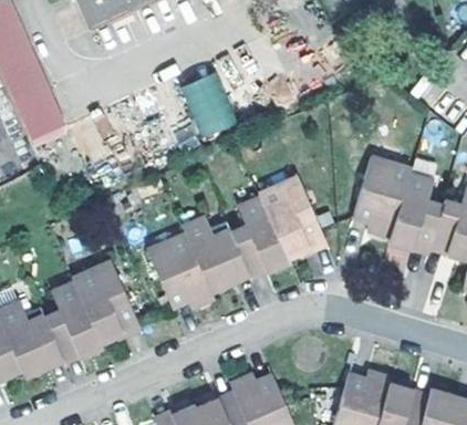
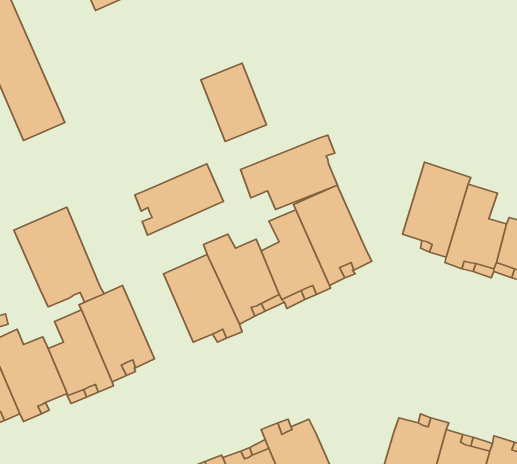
building: none -> [240,135,337,210]
building: none -> [135,164,224,235]
building: none -> [14,207,104,307]

